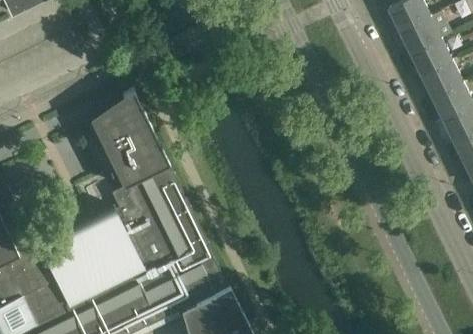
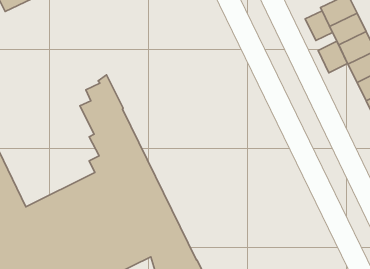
building: none -> [305,11,333,41]
building: none -> [318,41,348,73]

